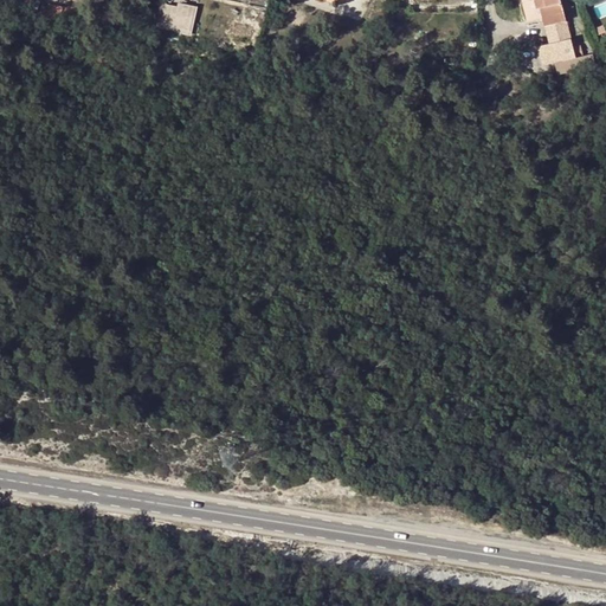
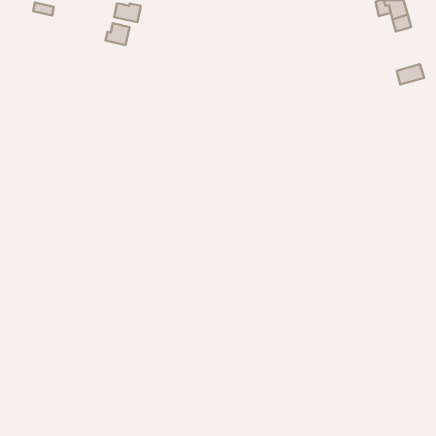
building: none -> [106,23,130,45]
building: [539,38,576,66] -> [397,64,424,85]

